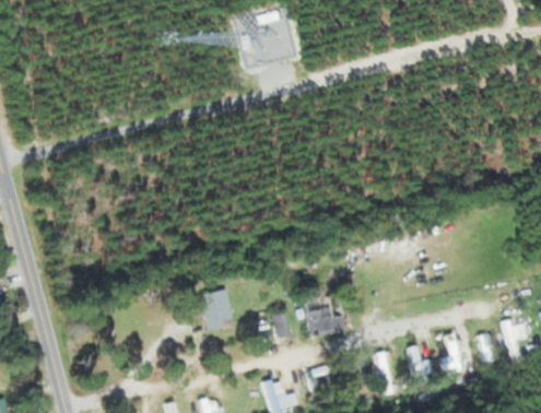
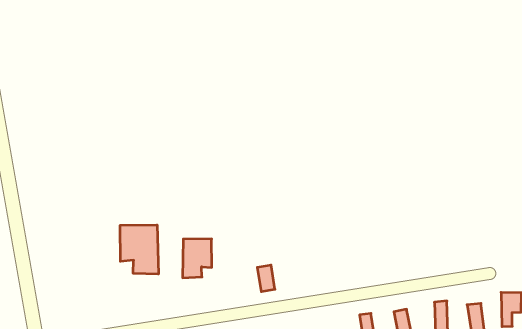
building: none -> [120,225,158,274]
building: [305,296,343,338] -> none

